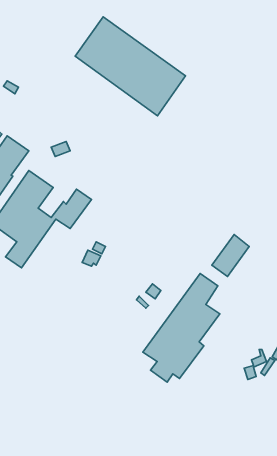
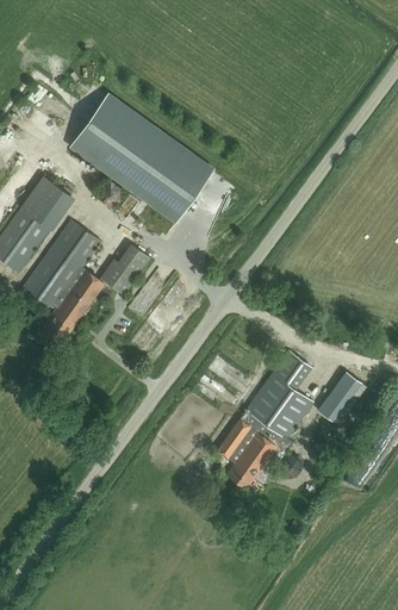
building: [75,17,185,116] -> [71,94,212,220]
building: [212,234,249,276] -> [317,371,365,424]

